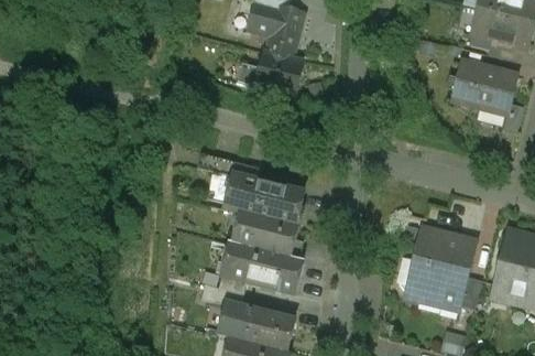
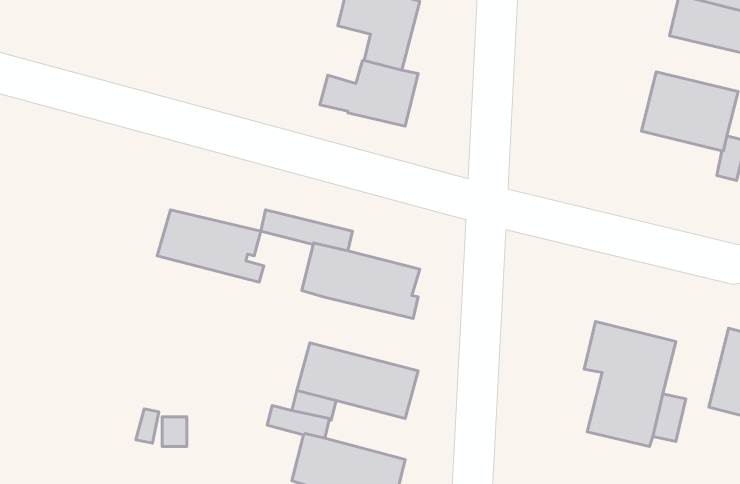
building: [230,212,302,260] -> [157,210,264,282]
building: [398,258,426,293] -> none

